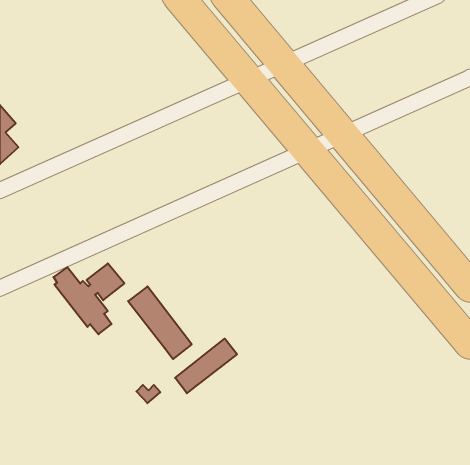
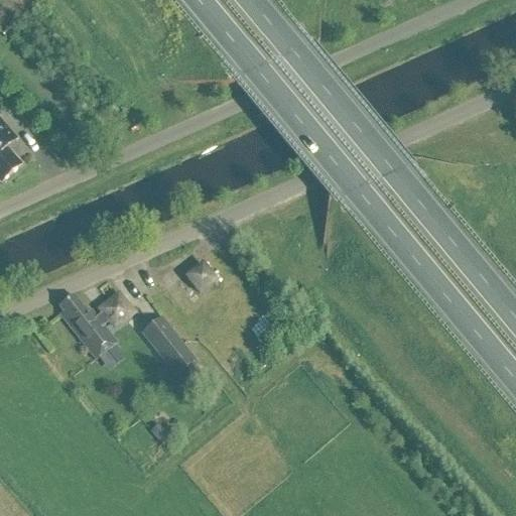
building: none -> [179,257,214,291]
building: [175,339,237,393] -> none

